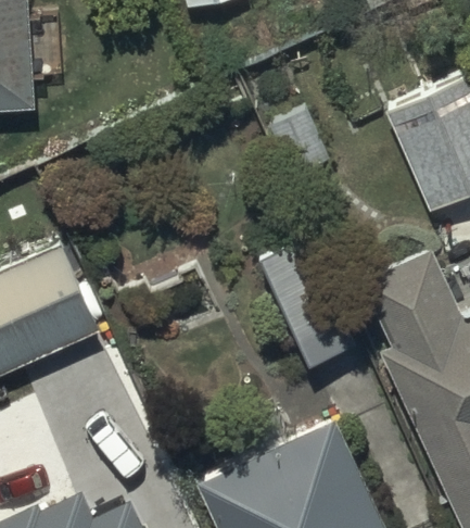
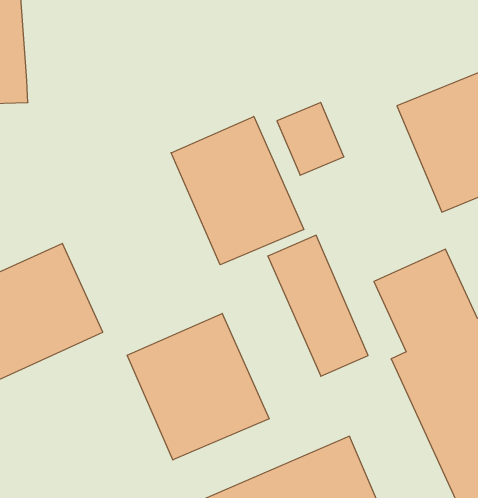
building: none -> [171,116,304,265]
building: none -> [127,313,269,460]

